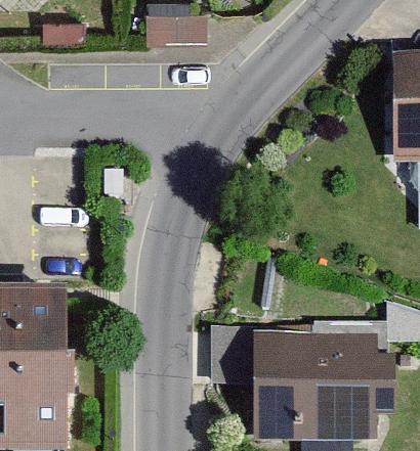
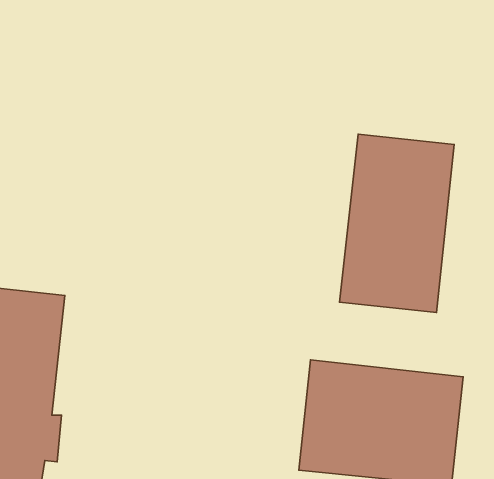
building: none -> [339,134,454,313]

